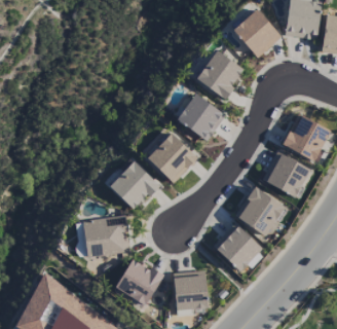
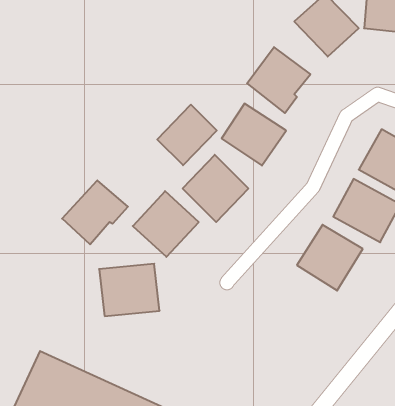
building: none -> [157,105,217,165]
building: none -> [62,180,128,244]
building: [213,222,262,271] -> none
building: [115,258,162,305] -> none
building: [173,270,208,315] -> none

